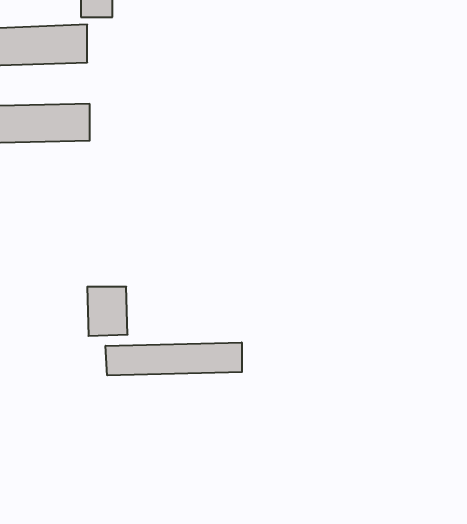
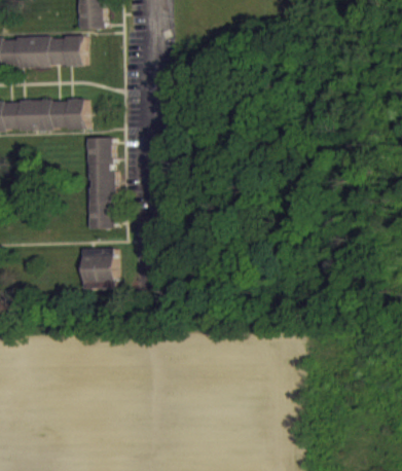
building: none -> [87,138,114,228]
building: [106,342,242,375] -> none

